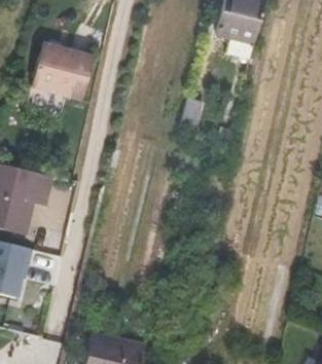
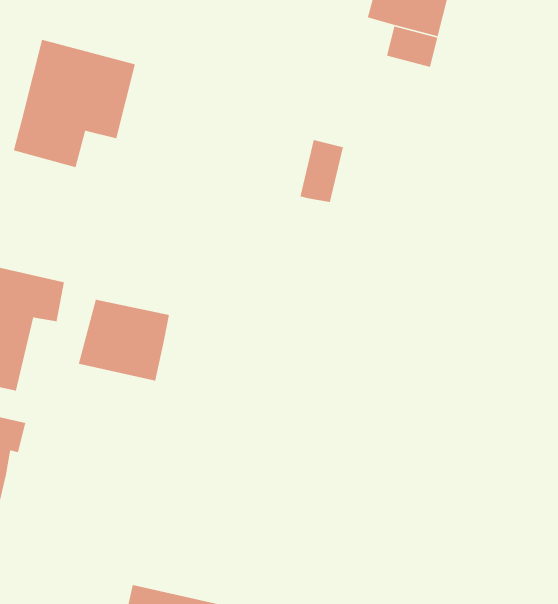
building: none -> [78,299,170,381]

